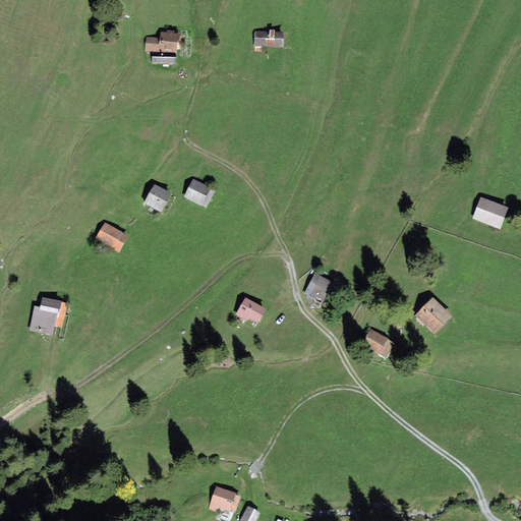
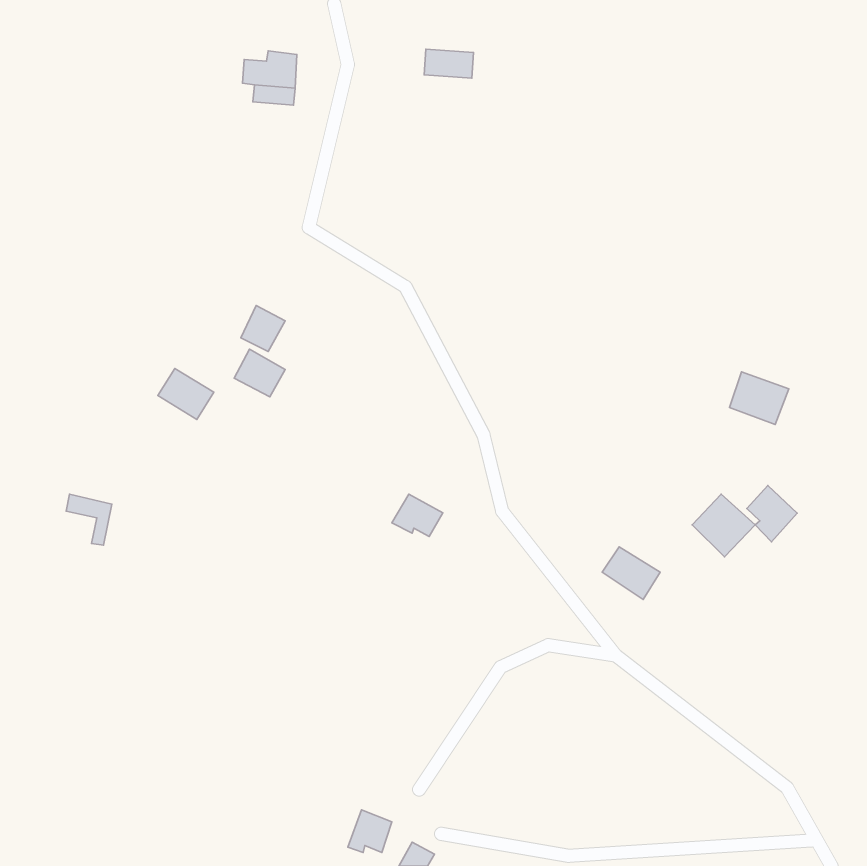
building: [184,178,215,207] -> [234,349,285,397]
building: [473,196,509,228] -> [729,372,789,424]
building: [304,272,336,301] -> none
building: none -> [747,486,797,542]
building: [28,305,58,335] -> none

